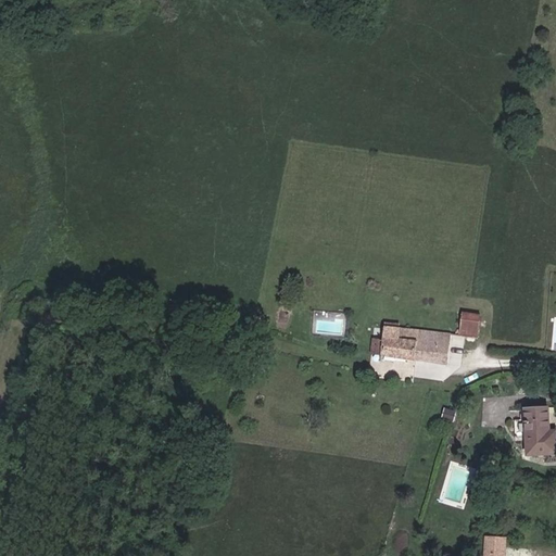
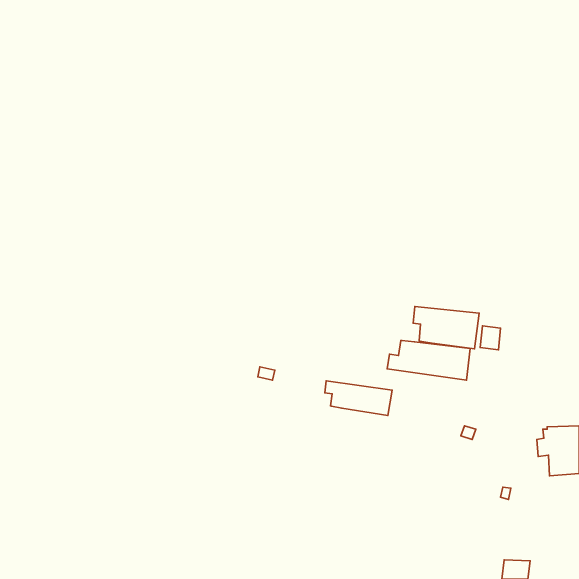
building: none -> [413,306,479,349]
building: none -> [325,381,392,416]

